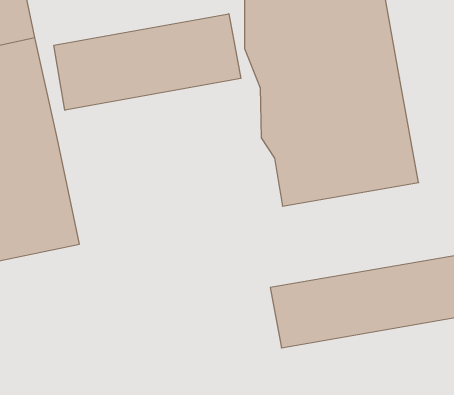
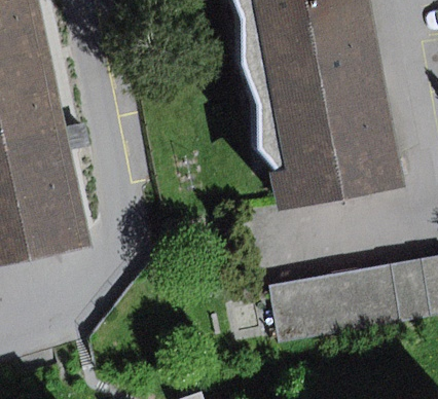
building: [54,14,241,110] -> none

